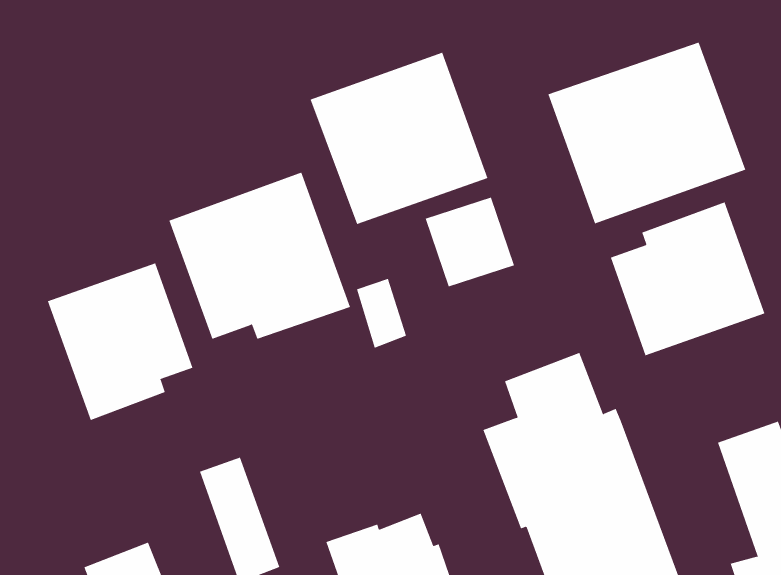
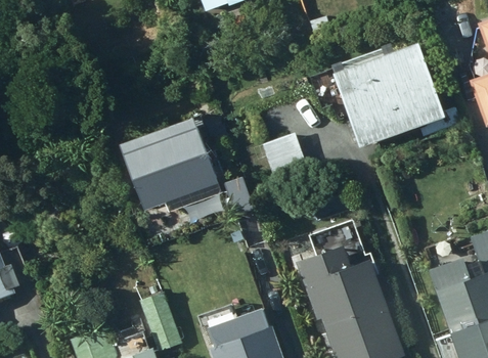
building: [310,52,488,225] -> none
building: [610,201,765,356] -> none
building: [47,262,193,421] -> none

